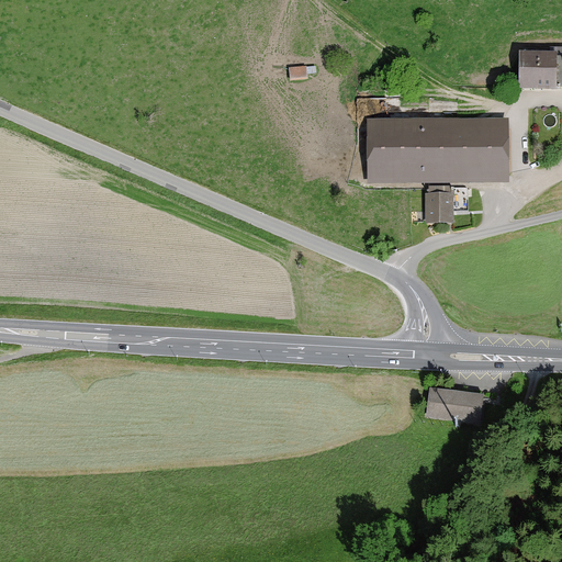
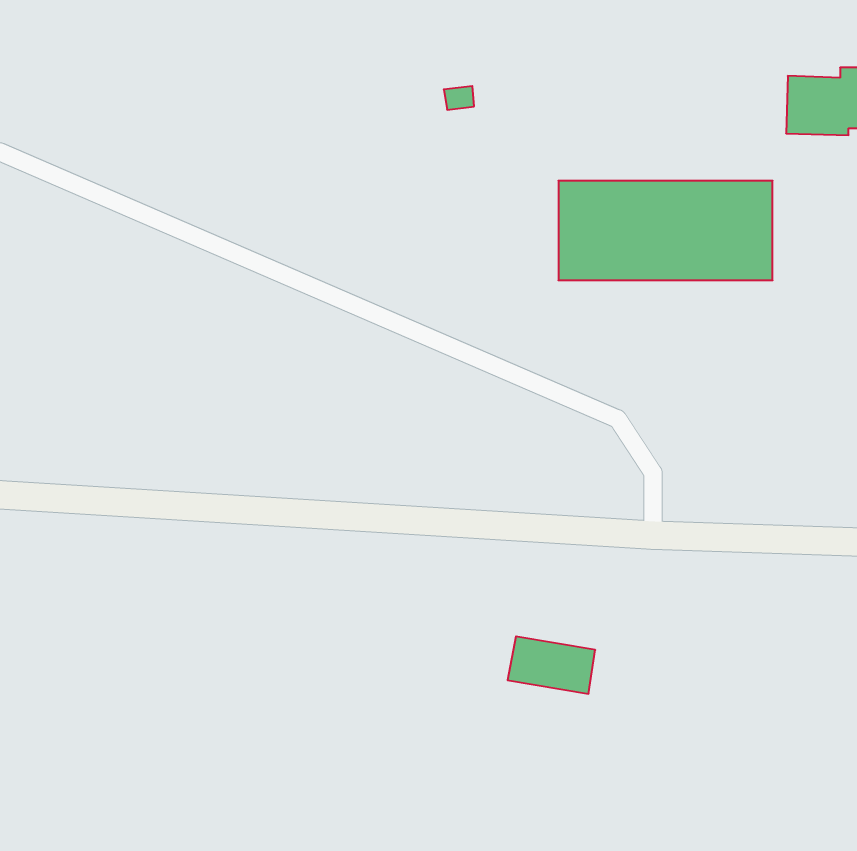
building: [425,191,459,222] -> none
building: [427,383,484,420] -> [508,636,595,694]

